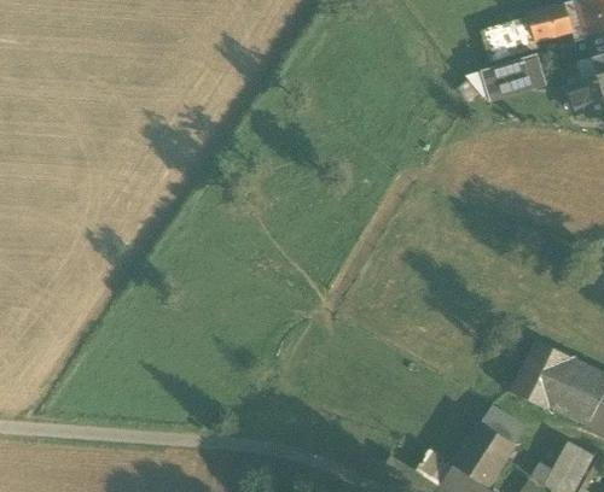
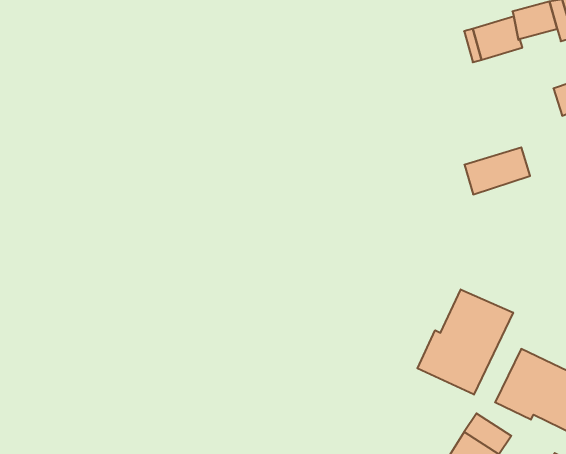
building: [482,54,546,100] -> [464,147,530,194]
building: none -> [417,289,513,395]

